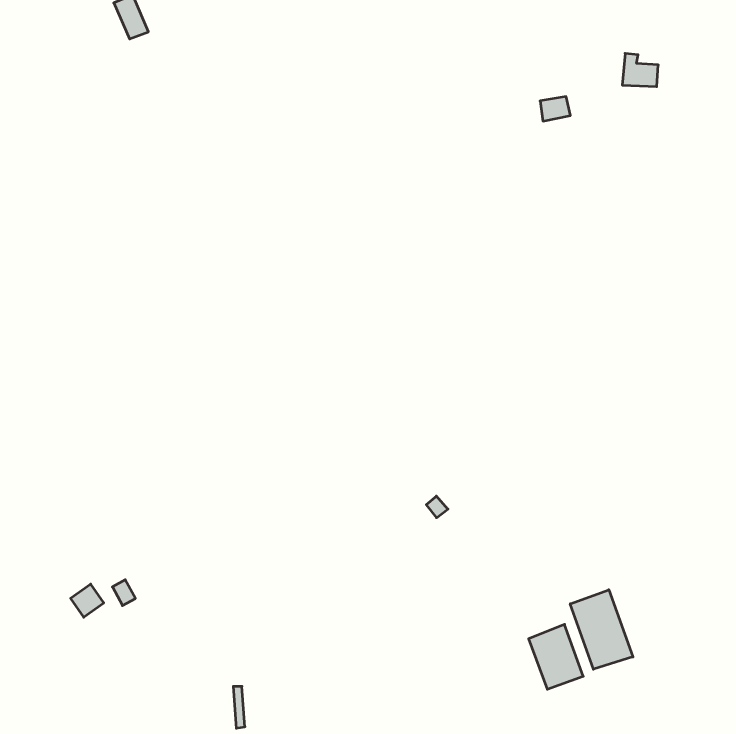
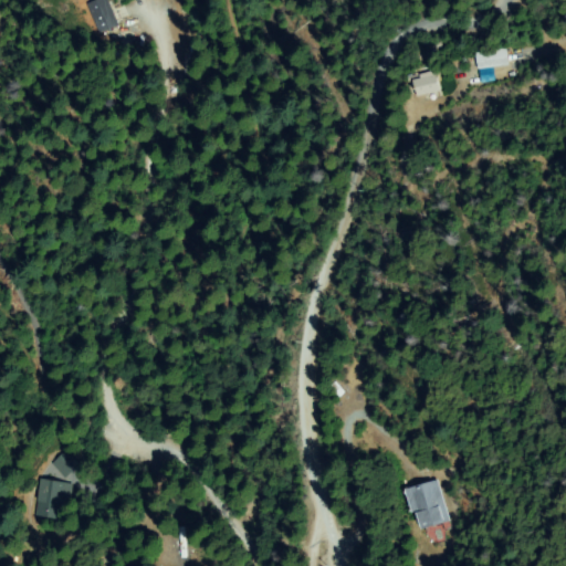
building: [570,590,633,669] -> none
building: none -> [35,479,70,518]

